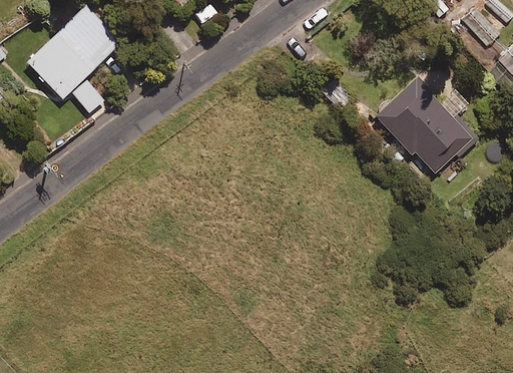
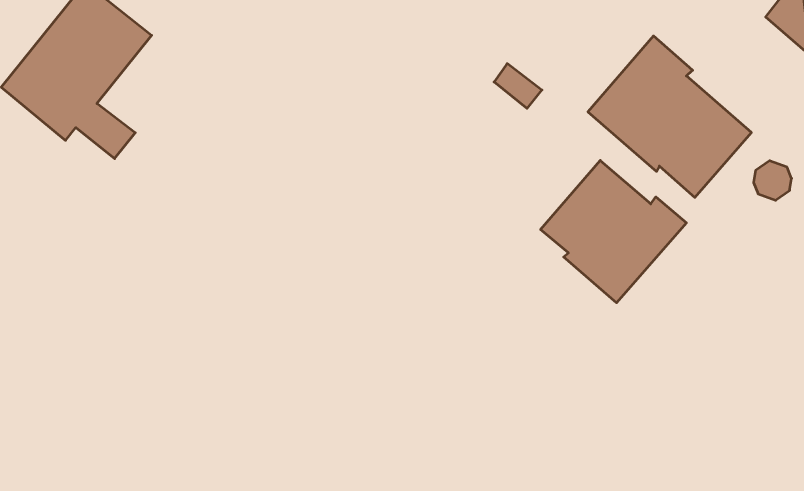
building: none -> [541,160,686,303]

